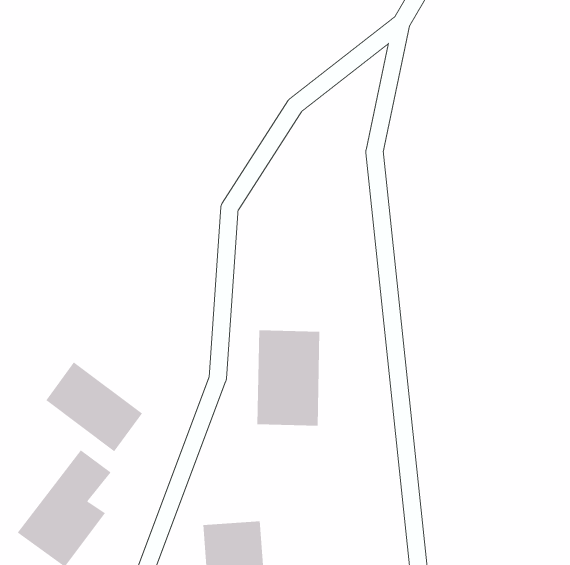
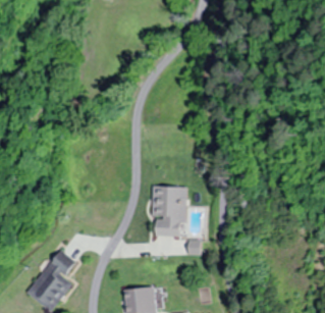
building: [45,362,143,452] -> none

